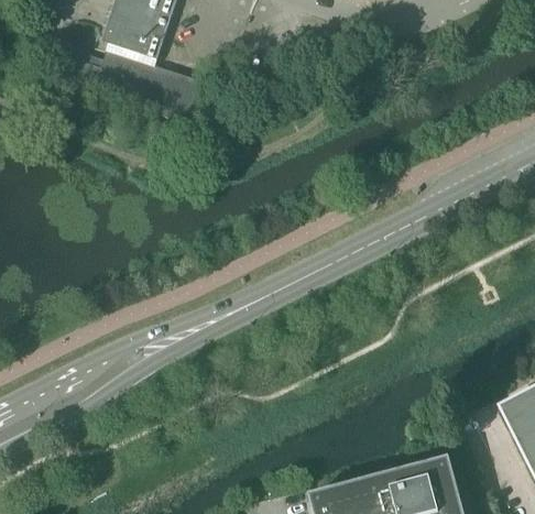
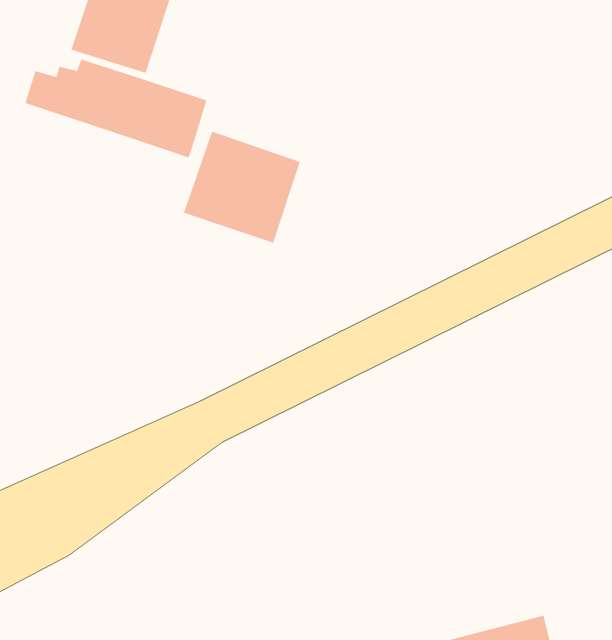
building: none -> [183,131,300,243]

